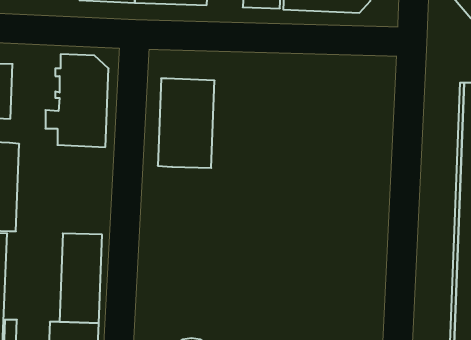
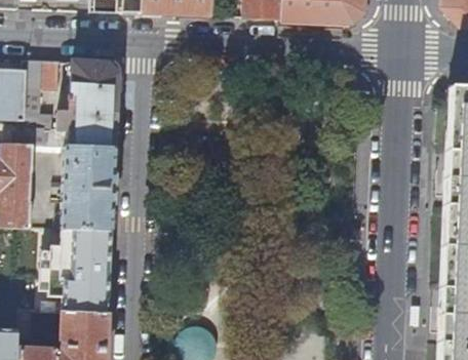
building: none -> [24,59,60,146]
building: [158,78,215,168] -> [61,147,114,231]

